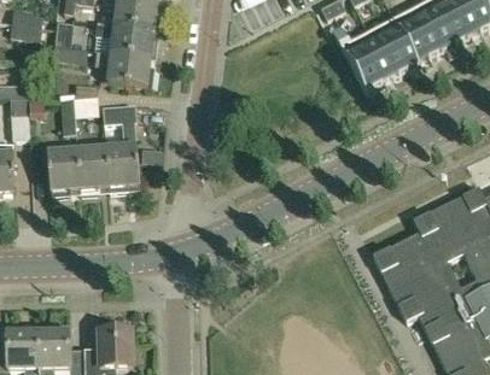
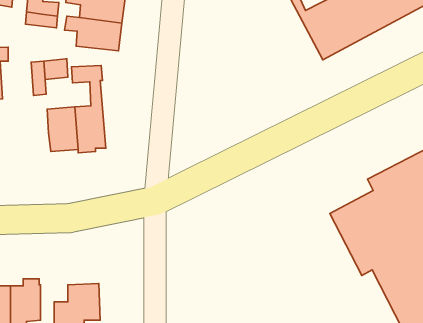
building: [47,146,80,197] -> none

